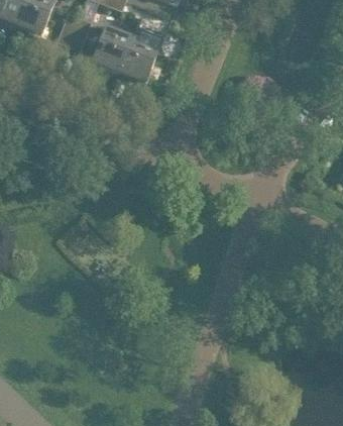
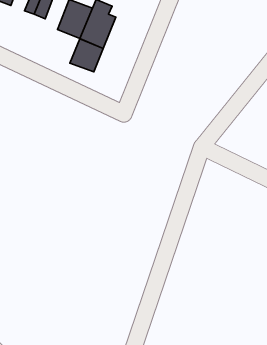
building: none -> [70,39,103,72]

